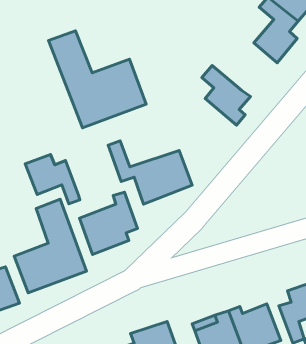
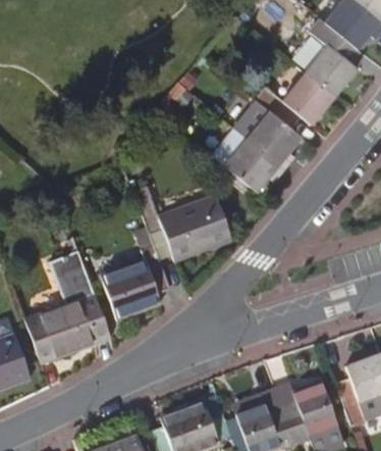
building: [49,31,146,128] -> none
building: none -> [256,72,332,129]
building: none -> [214,129,284,191]
building: [25,154,80,204] -> none

